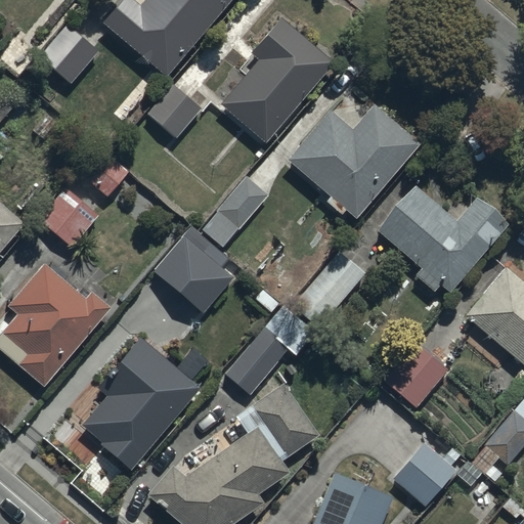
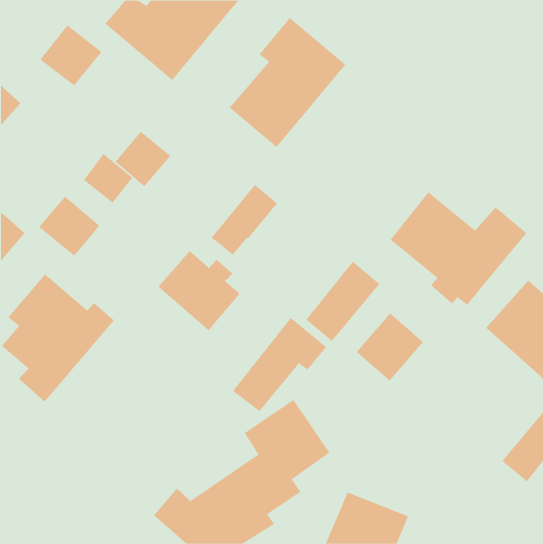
building: [148,84,203,138] -> [115,131,171,187]
building: [289,105,421,217] -> none
building: [83,338,201,470] -> none
building: [383,342,448,408] -> [356,312,424,382]
building: [394,443,457,507] -> none

